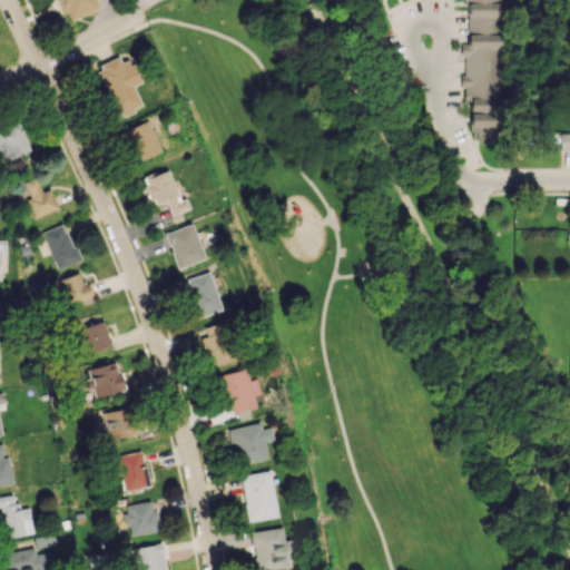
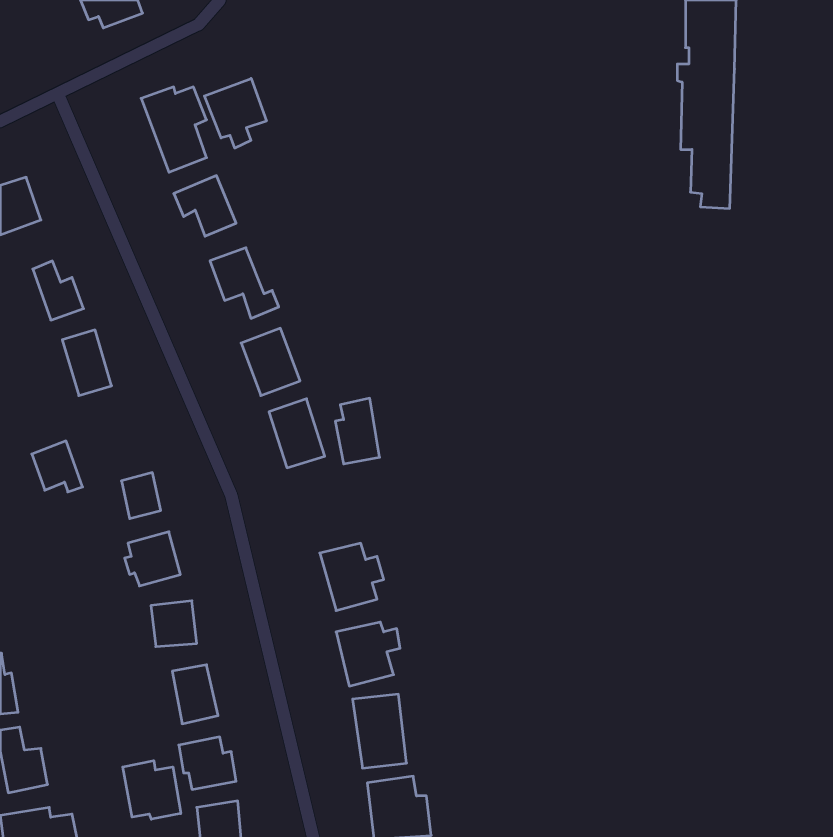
building: none -> [204,78,266,148]
building: [61,272,96,306] -> [32,441,83,492]
building: [204,323,234,367] -> [335,398,380,464]
building: none -> [123,761,181,819]

